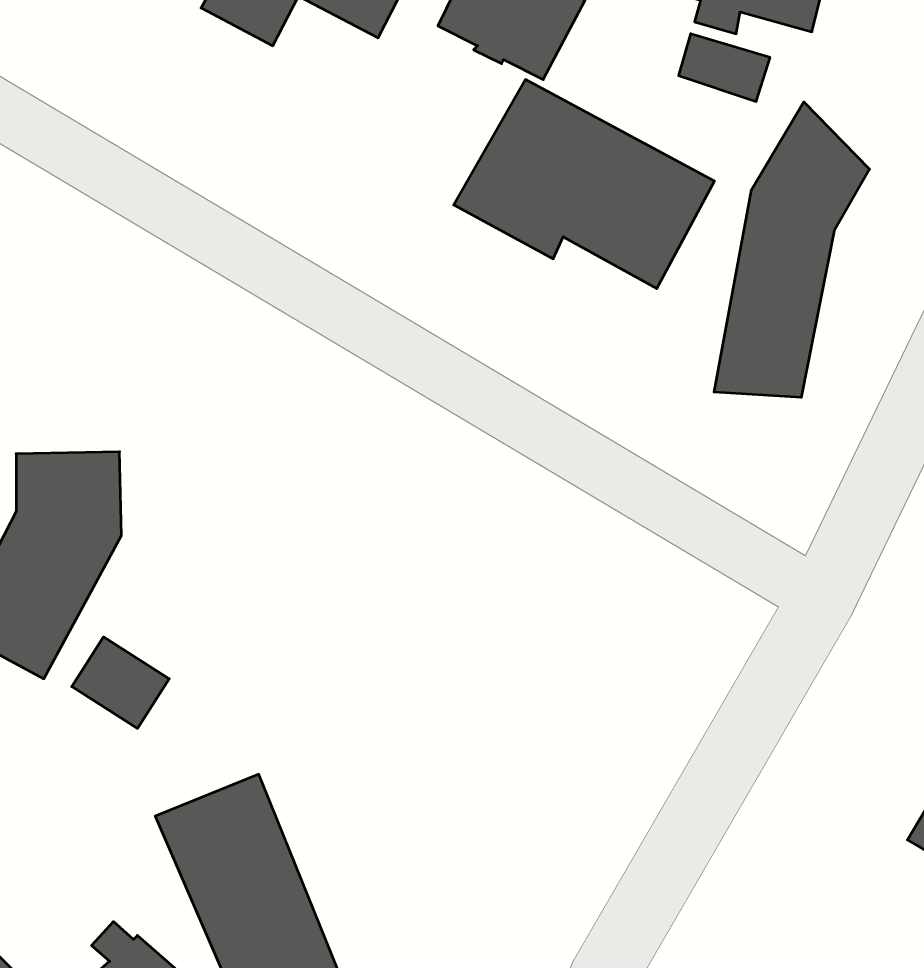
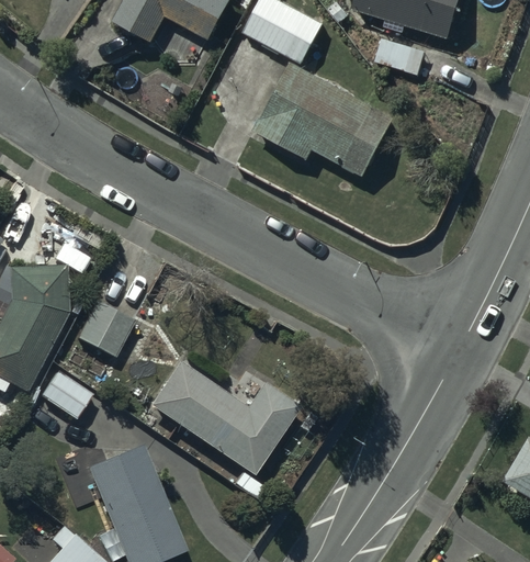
building: [714,102,870,397] -> none
building: none -> [78,301,135,357]
building: none -> [149,362,300,476]

